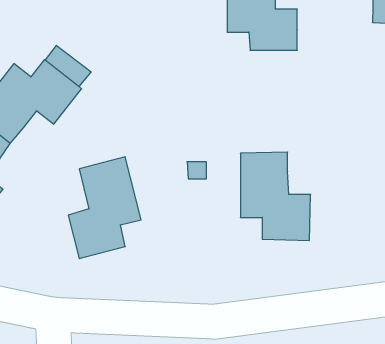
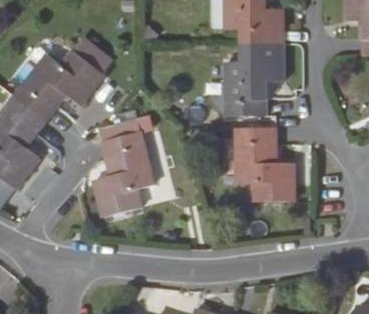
building: none -> [225,43,283,115]

